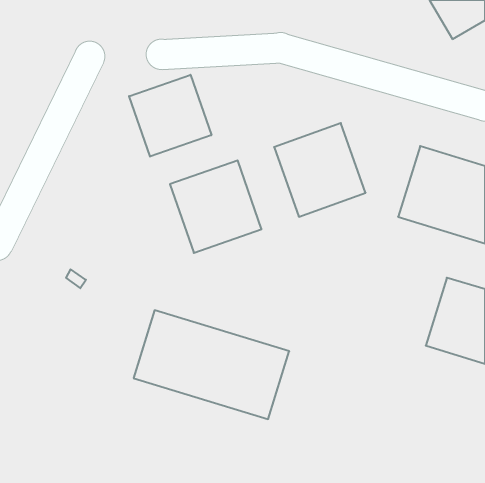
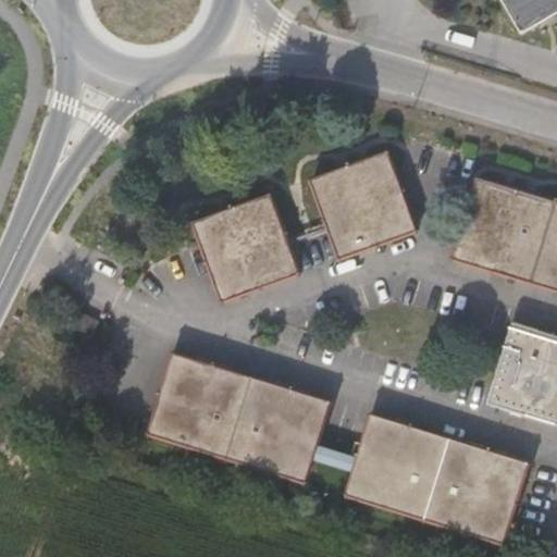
building: [129,75,211,157] -> none
building: none -> [348,418,529,545]

